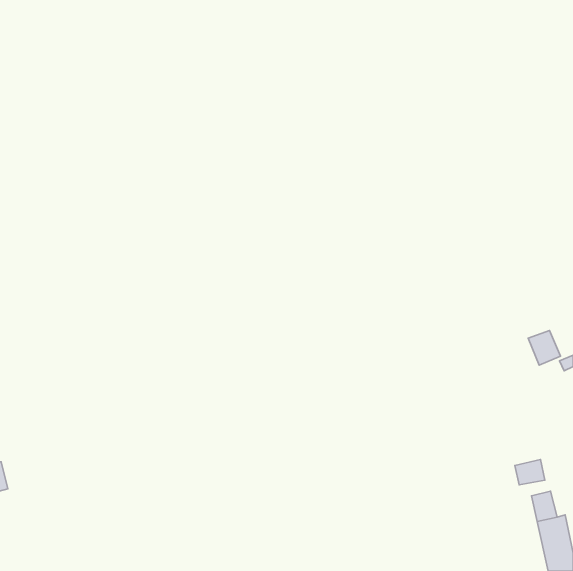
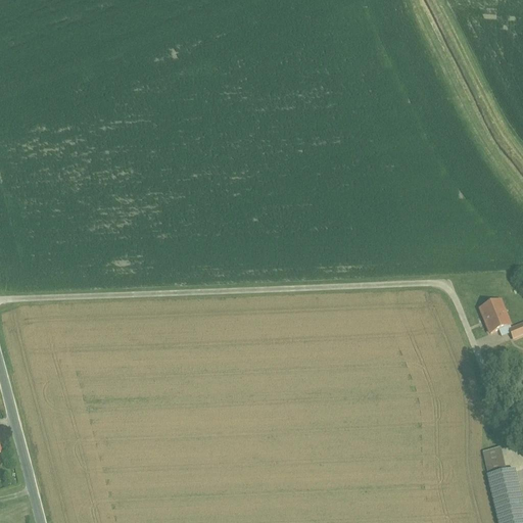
building: [515,460,545,485] -> none

